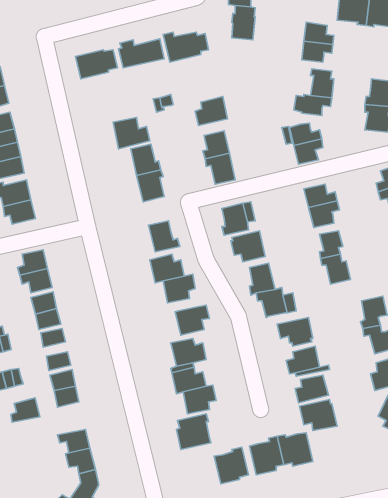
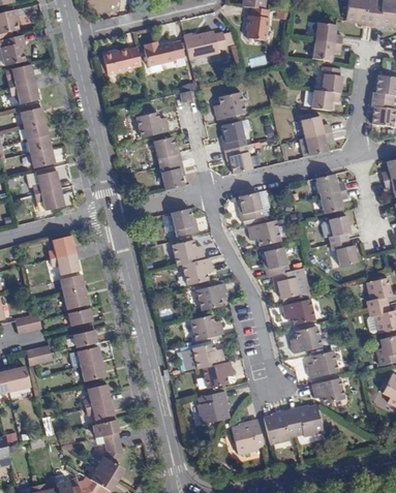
building: [11,398,40,422] -> [84,384,111,407]

